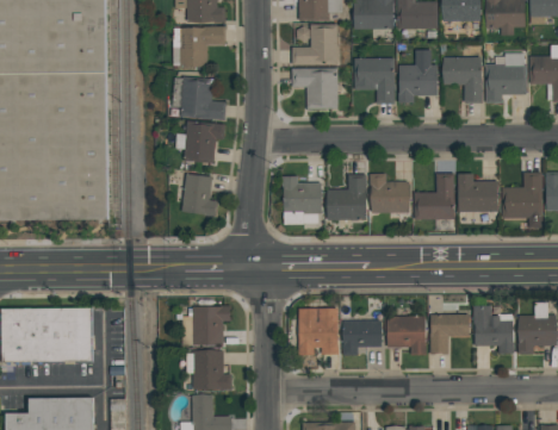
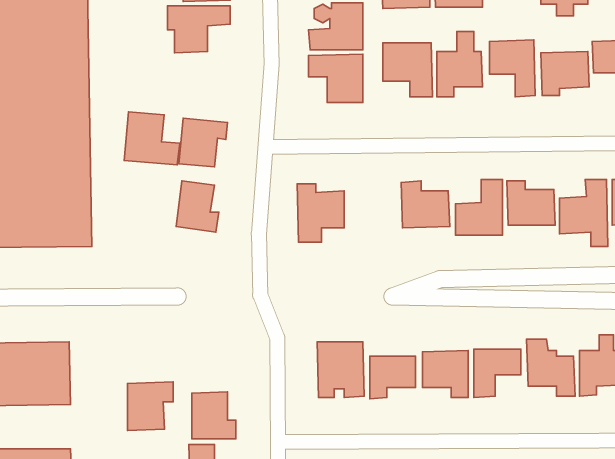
building: [180,76,227,120] -> [124,112,180,165]
building: [327,174,367,219] -> none
building: [193,305,231,345] -> [127,382,173,430]

